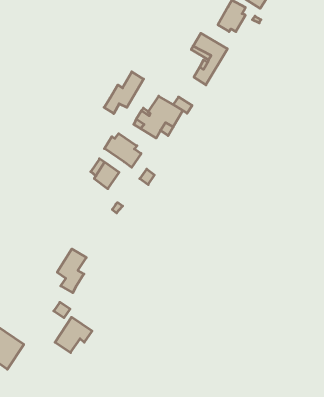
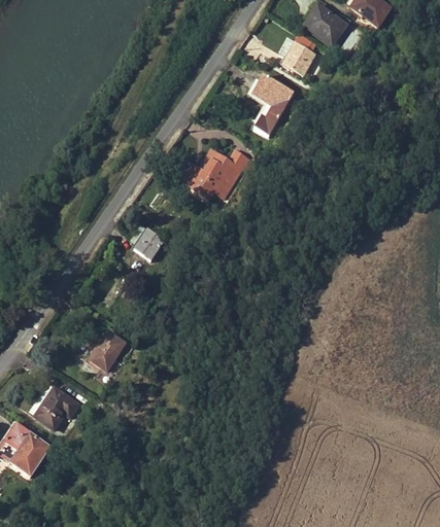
building: [104,72,144,114] -> none
building: [104,134,141,167] -> none
building: [55,317,92,353] -> [35,387,79,429]

